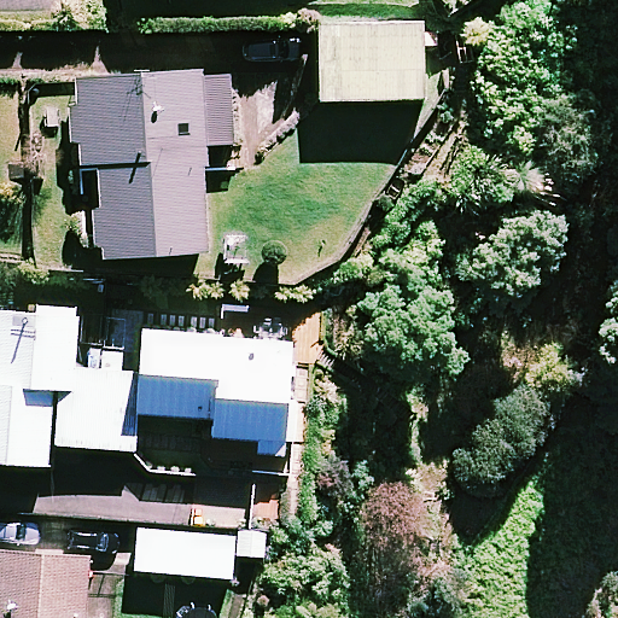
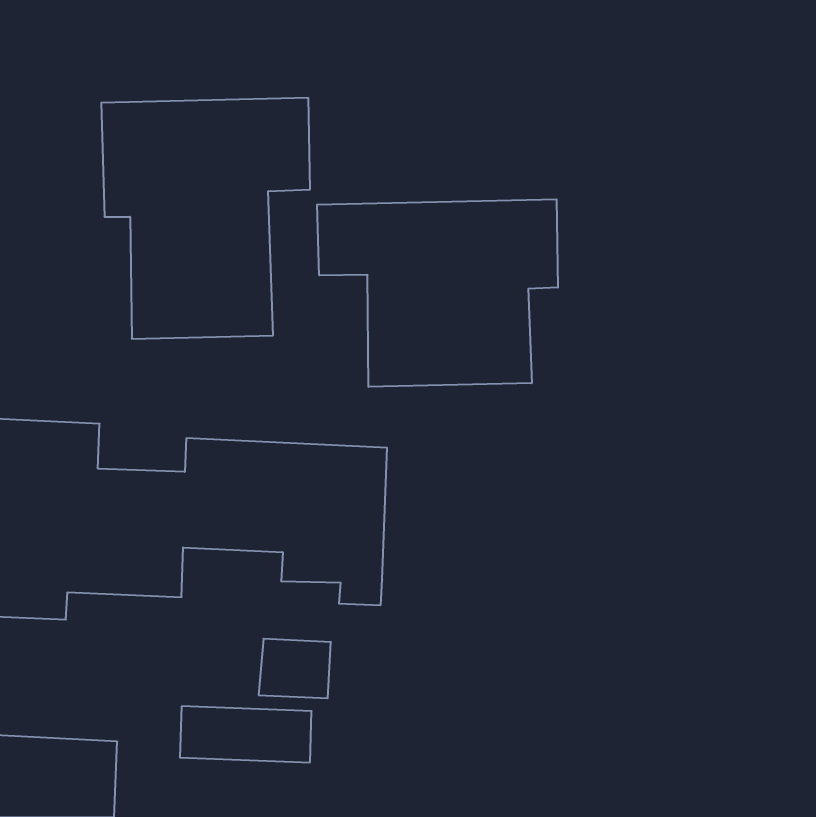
building: [314,21,422,100] -> none
building: none -> [317,199,558,387]

